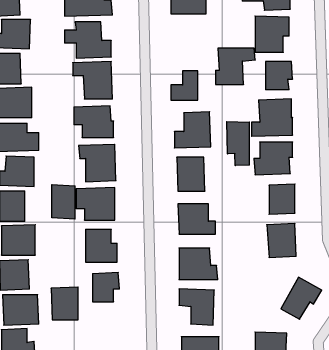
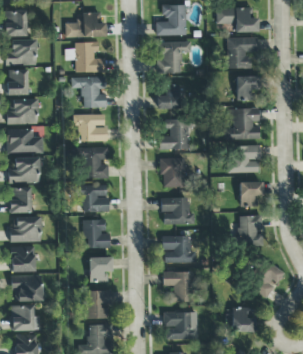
building: [216,48,255,84] -> [157,42,191,73]
building: [227,122,249,166] -> none
building: [52,185,75,219] -> none
building: [51,287,78,320] -> [87,290,110,318]

